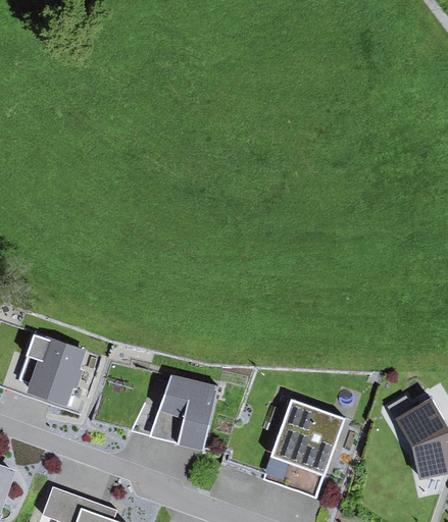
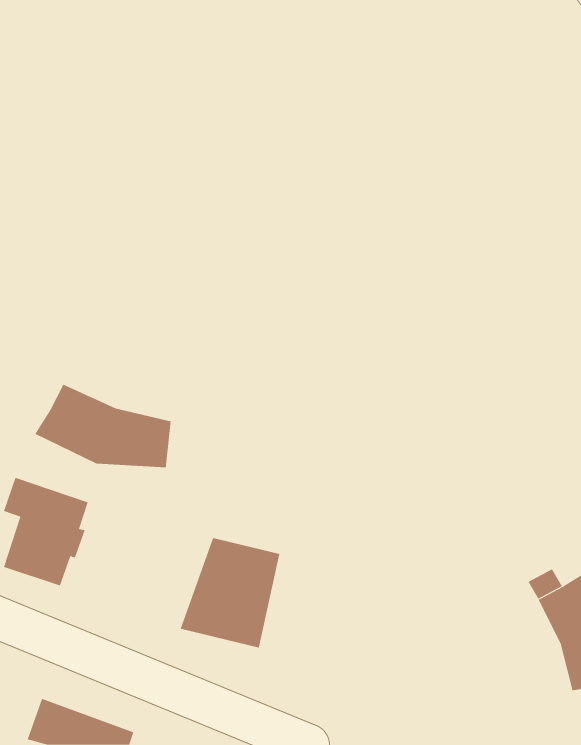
building: none -> [34,384,171,468]
building: [262,401,344,497] -> none

